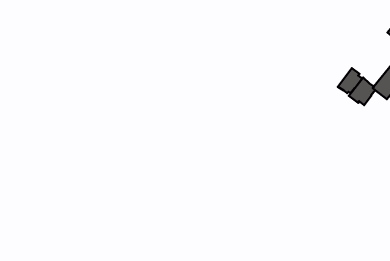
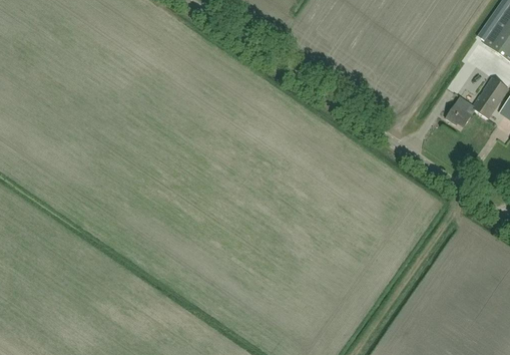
building: [338,68,362,93] -> none

